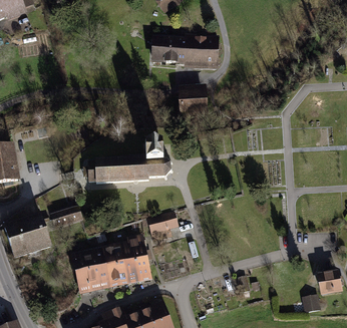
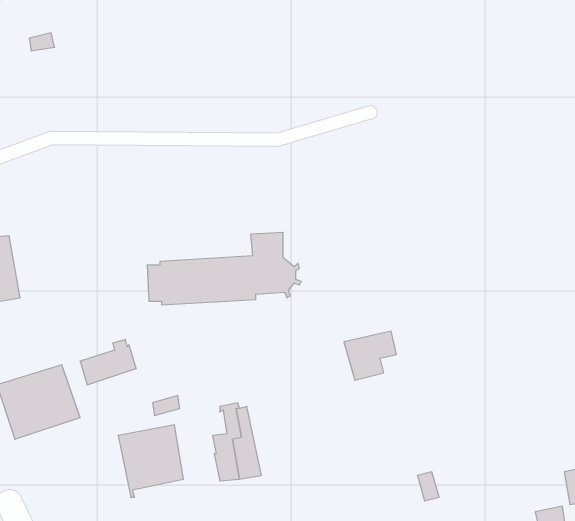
building: [153,34,219,64] -> none
building: [179,91,206,113] -> none
building: [148,213,178,240] -> [344,331,396,380]
building: [102,242,132,284] -> none

